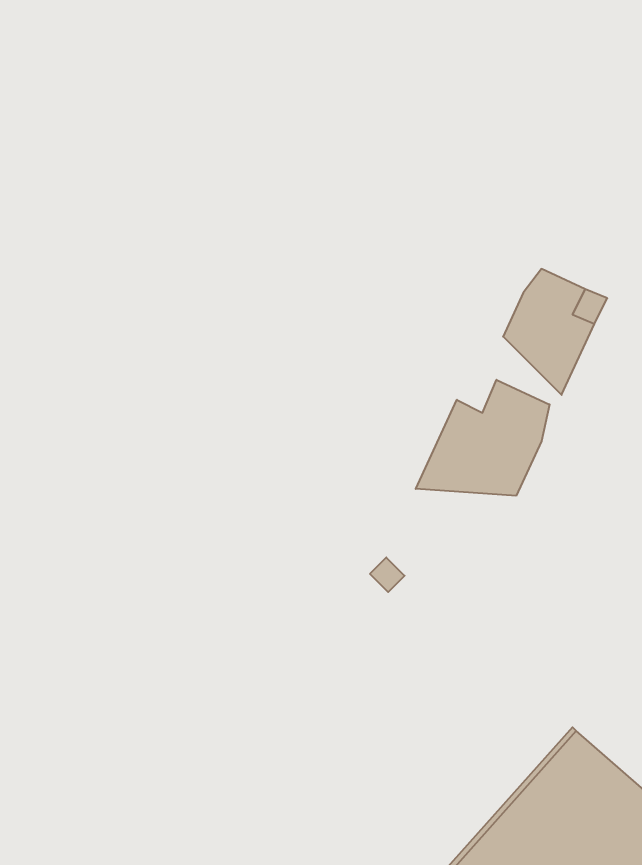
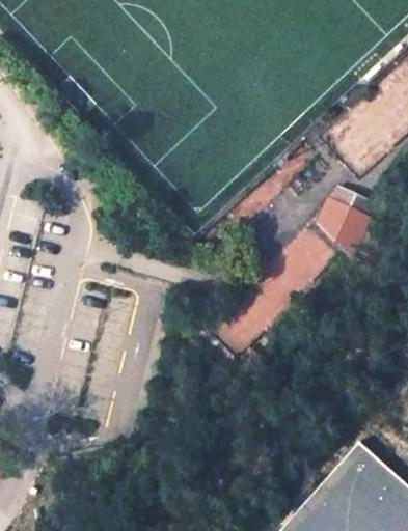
building: [416,380,550,496] -> none

